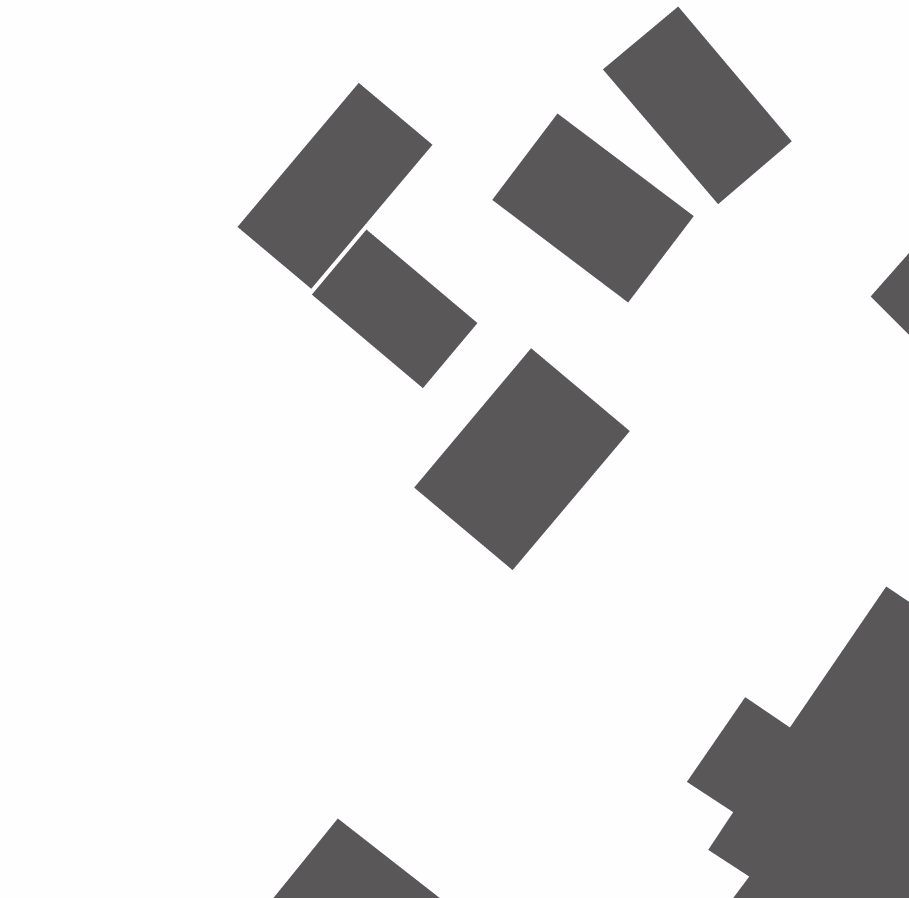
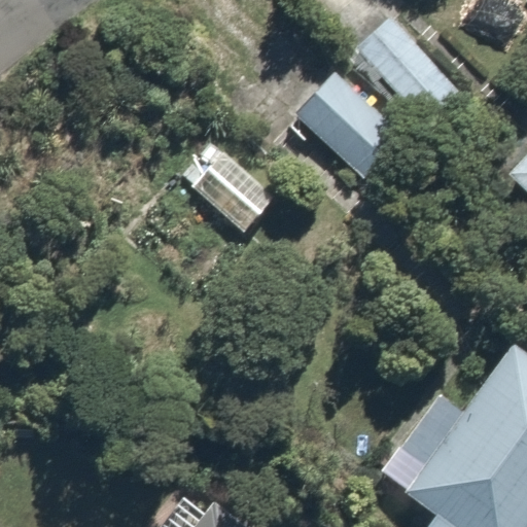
building: [236,82,433,290] -> none
building: [413,347,631,571] -> none

